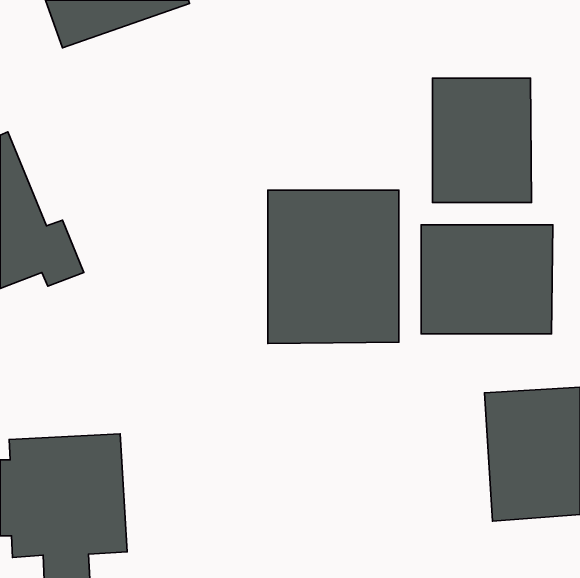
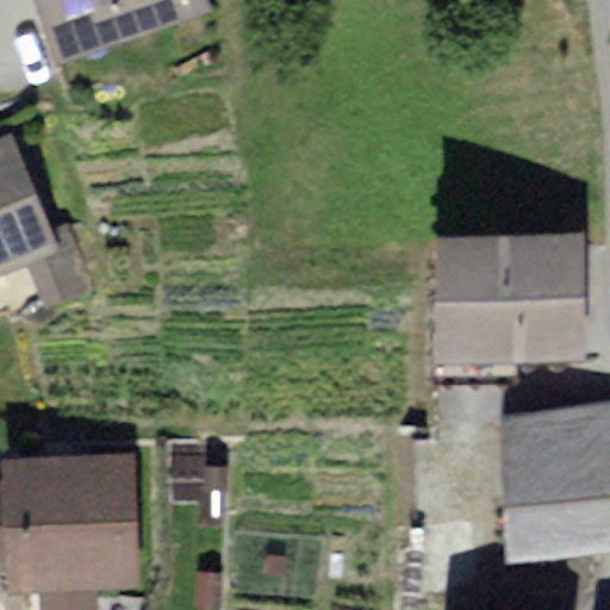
building: [433,78,531,202] -> none
building: [268,190,399,343] -> none

